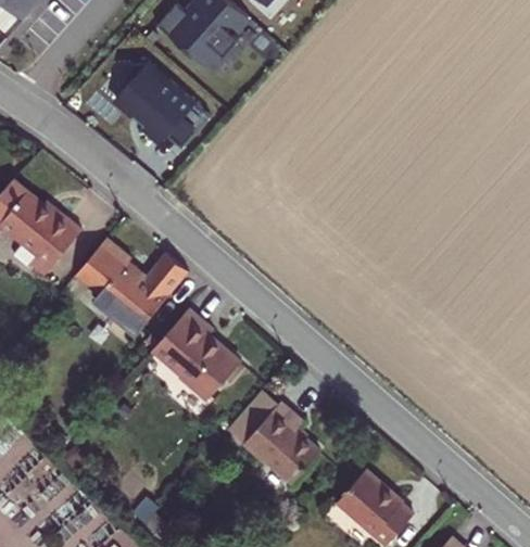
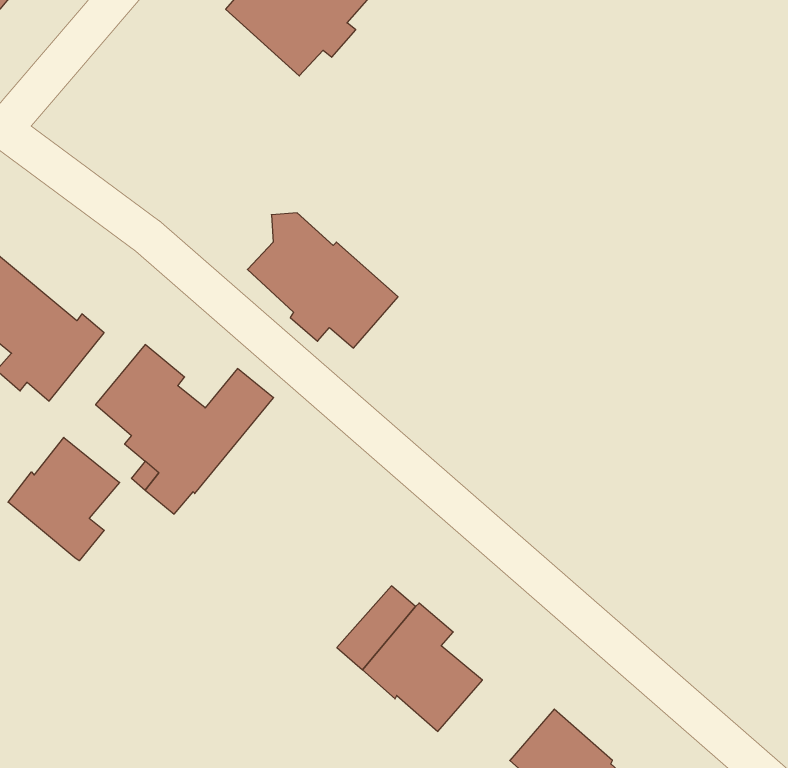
building: [115,63,211,149] -> [247,213,398,348]
building: none -> [8,437,120,561]
building: [153,308,240,399] -> none

